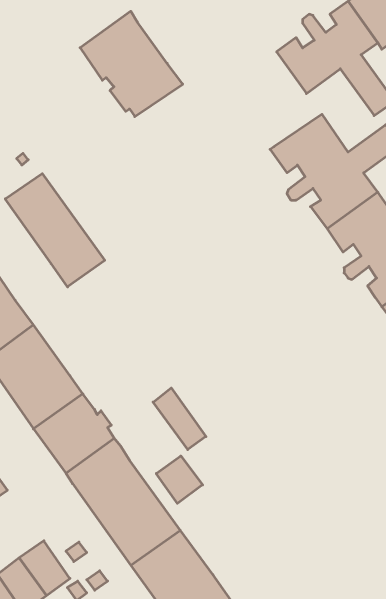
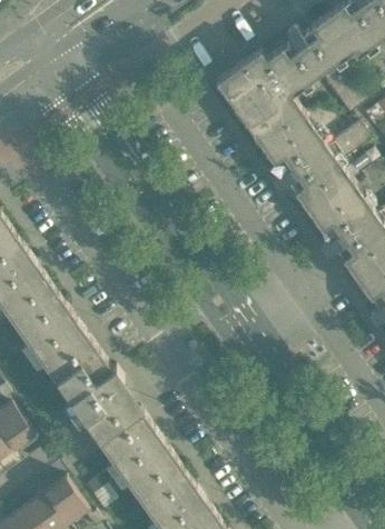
building: [80,11,183,117] -> [214,51,302,141]
building: [5,174,105,287] -> none
building: [153,388,206,450] -> none
building: [156,456,203,503] -> none

